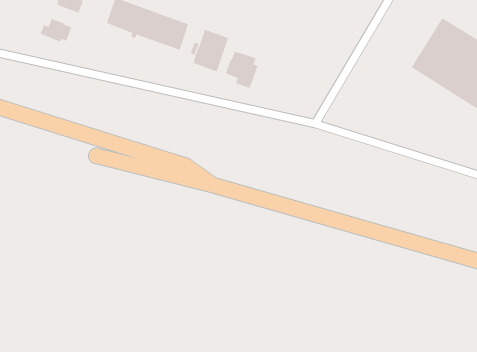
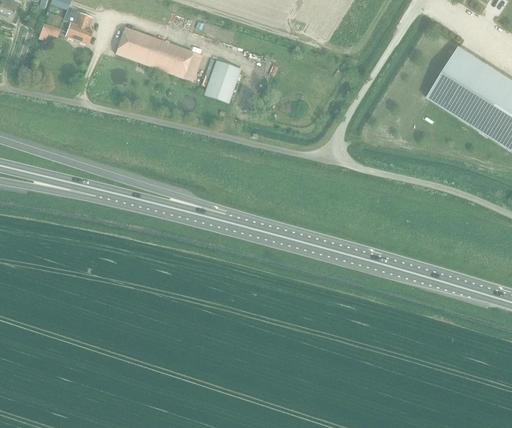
building: [40,18,72,42] -> none
building: [225,51,258,89] -> none

